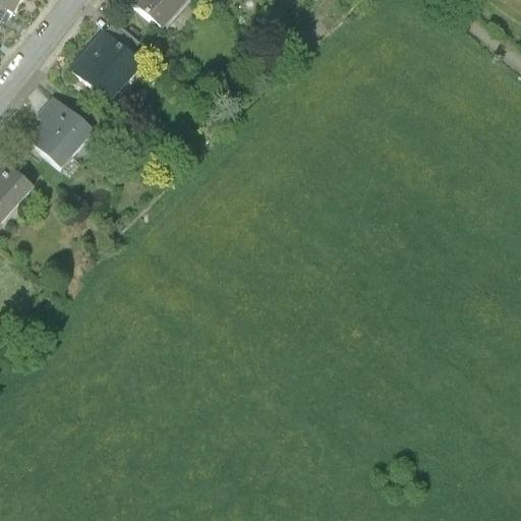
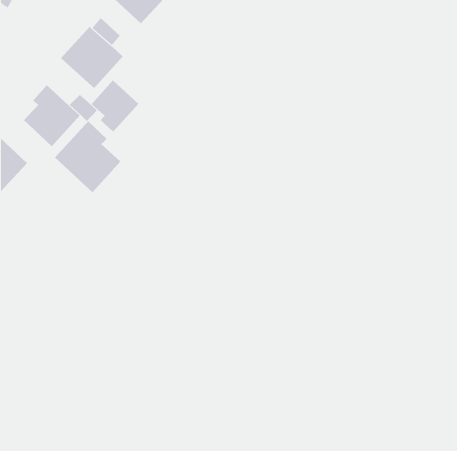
building: none -> [91,80,139,133]
building: none -> [54,121,121,193]

